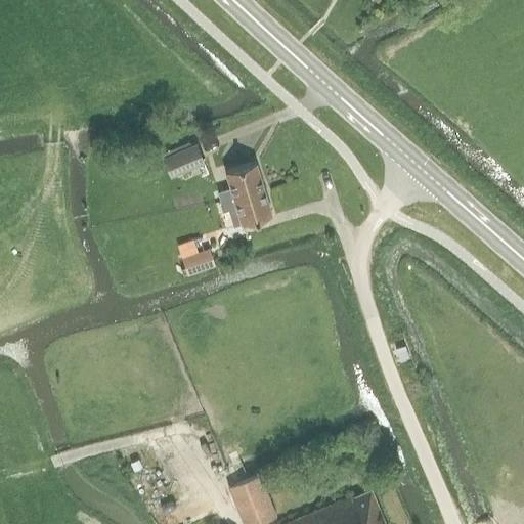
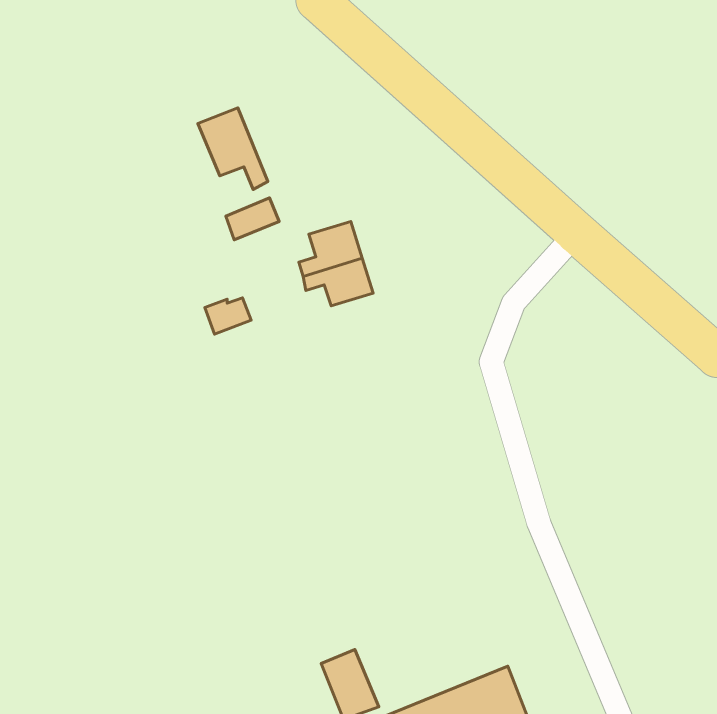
building: none -> [198,108,268,190]
building: [180,250,214,276] -> [205,298,251,334]

